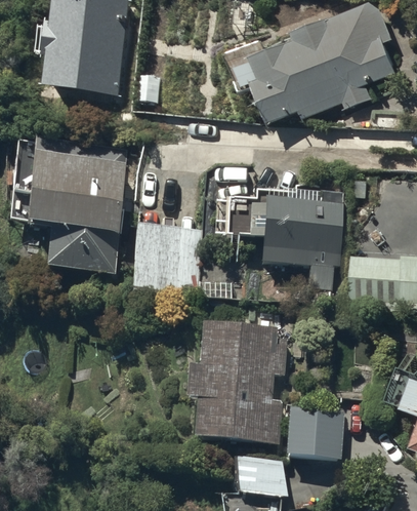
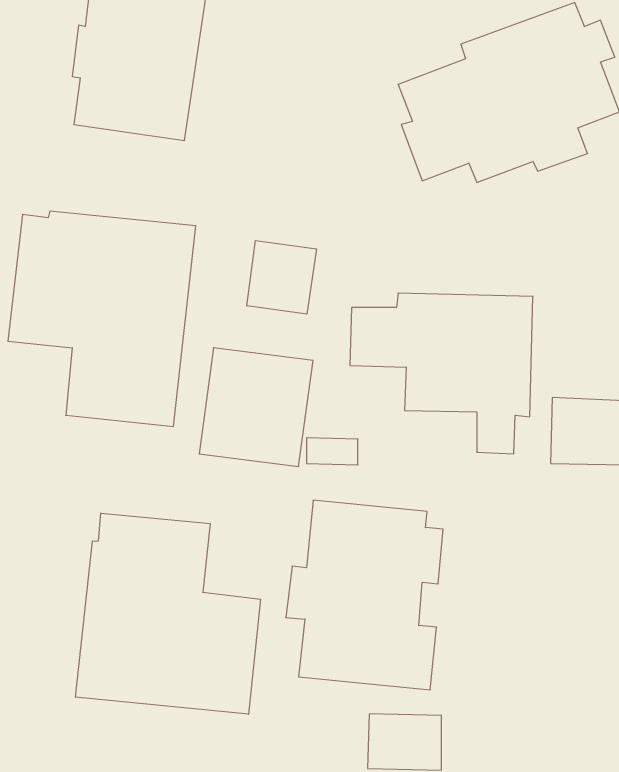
building: none -> [247,241,317,314]
building: none -> [76,513,261,714]
building: [285,407,342,458] -> none

